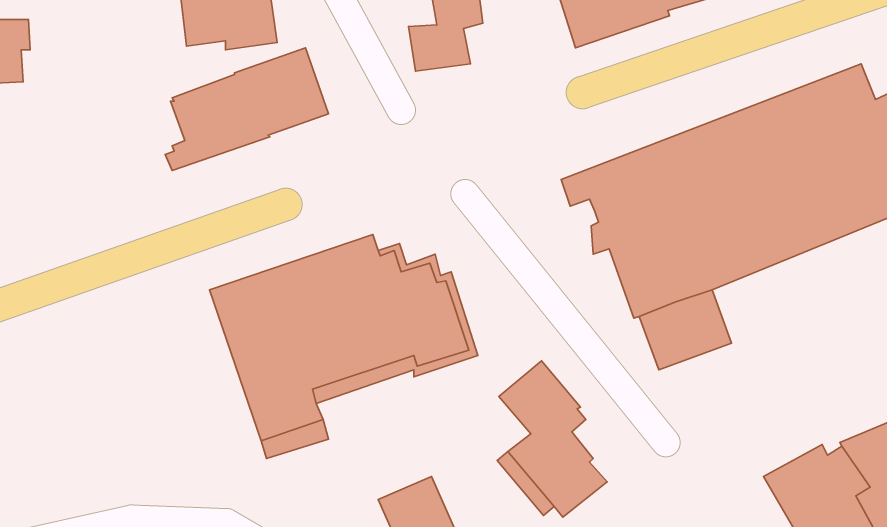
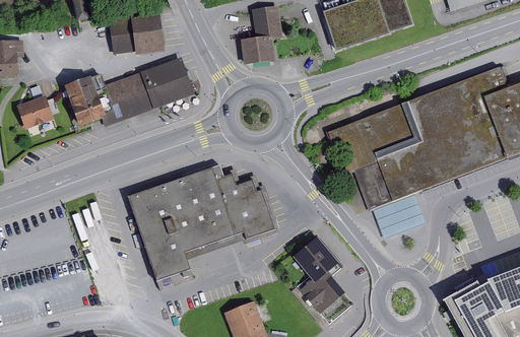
building: none -> [64,72,112,125]
building: none -> [15,94,53,129]

